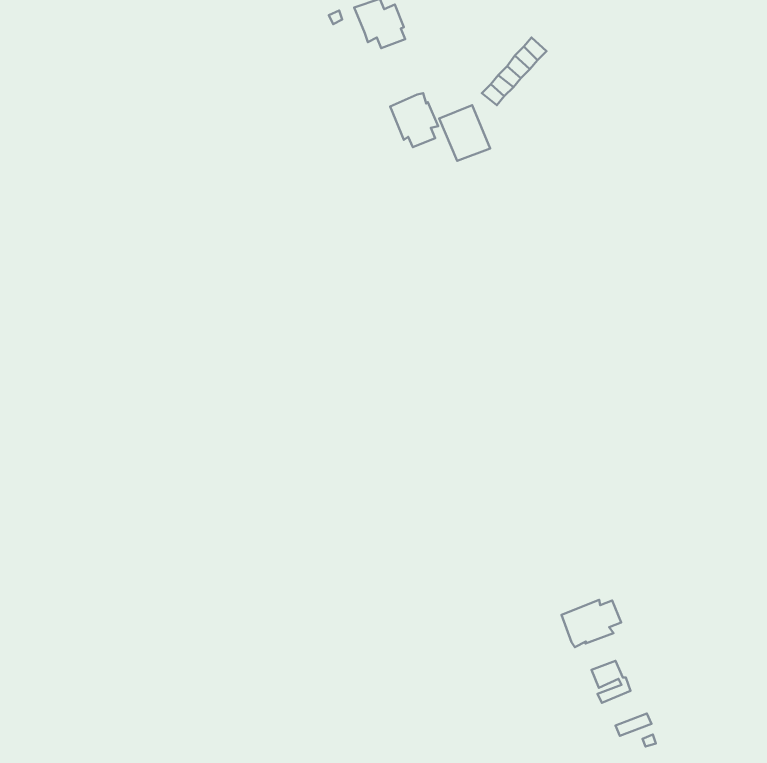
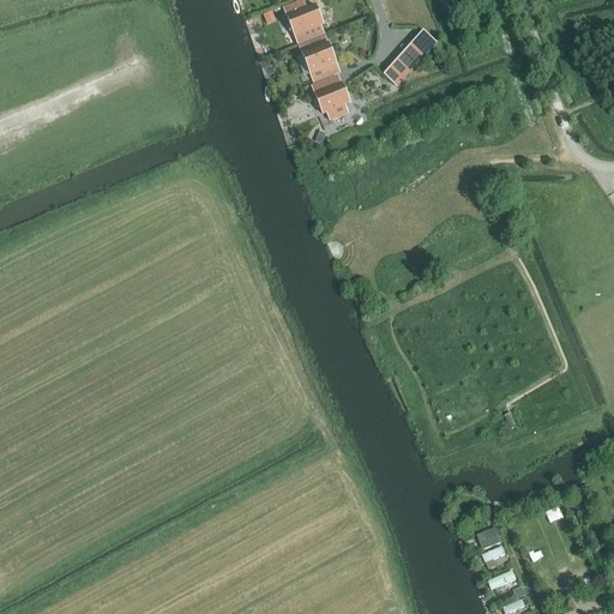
building: [439,105,490,161] -> [299,35,339,79]
building: [562,600,621,647] -> none

